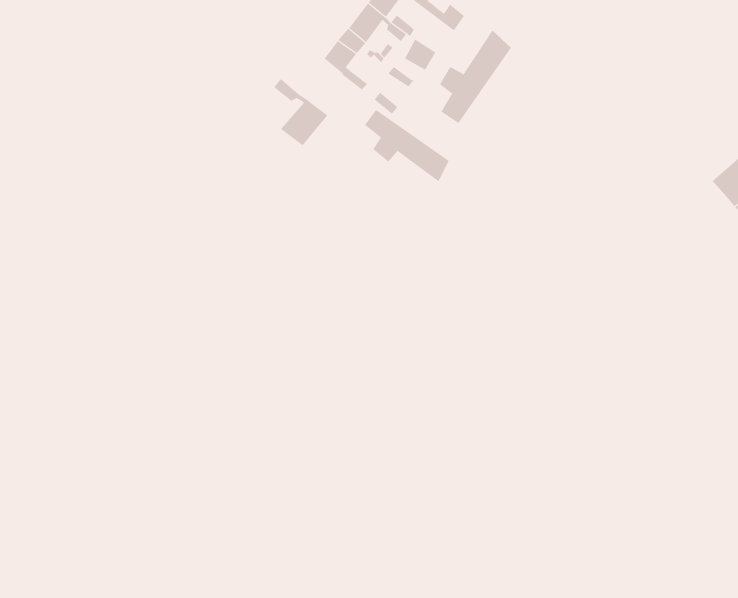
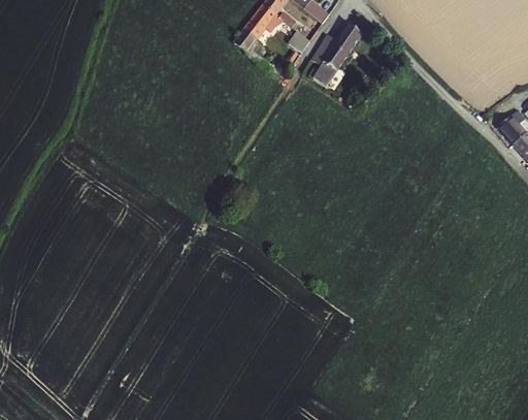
building: [273,78,328,146] -> none
building: [364,109,449,182] -> none

